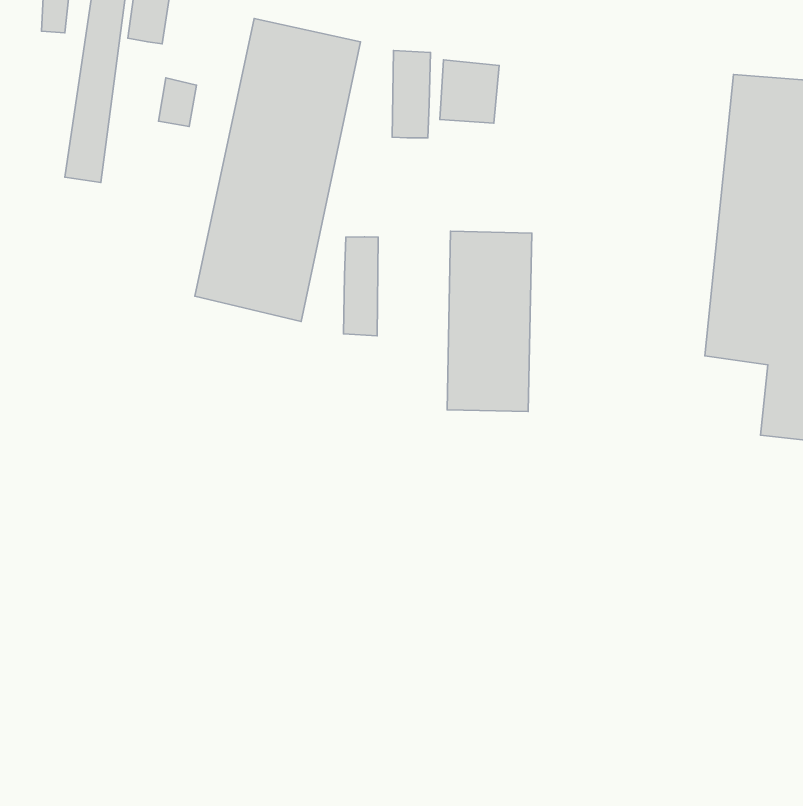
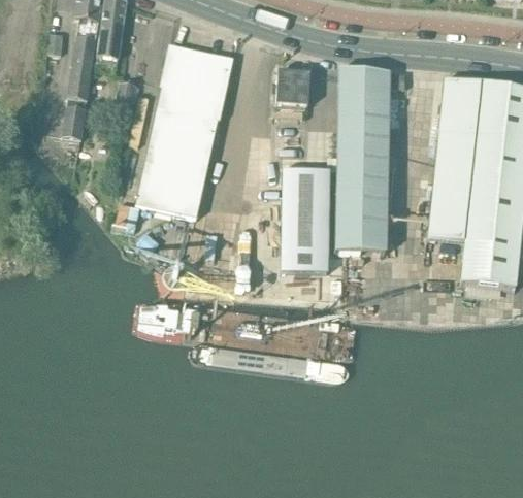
building: [392,50,431,138] -> none
building: none -> [334,64,405,251]
building: [343,237,378,336] -> none

